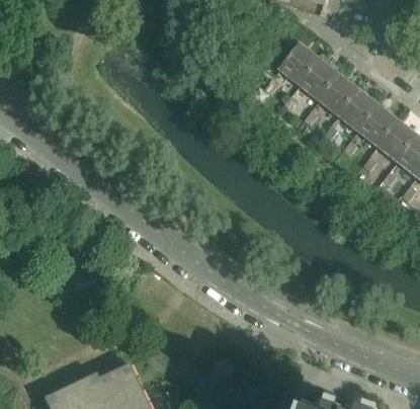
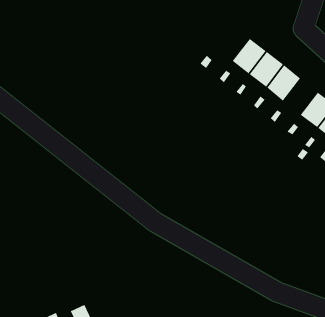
building: [278,44,319,85] -> none
building: [357,105,397,147] -> none

